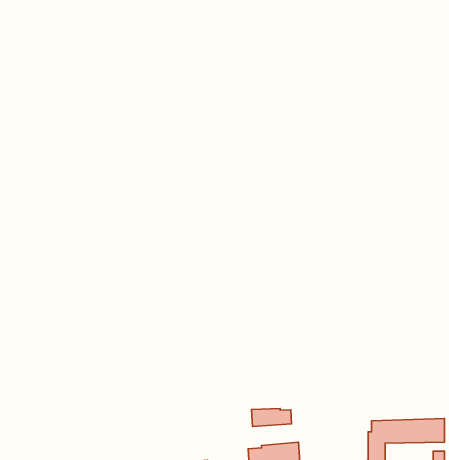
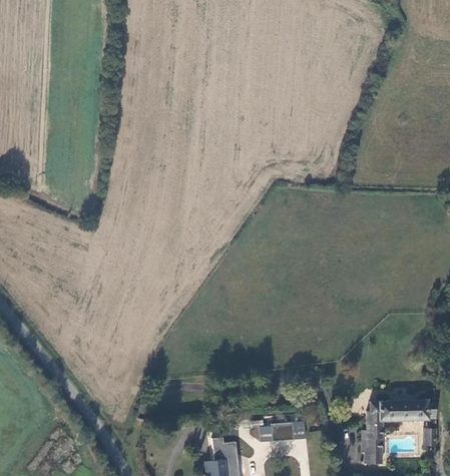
building: [251,408,292,427] -> none

